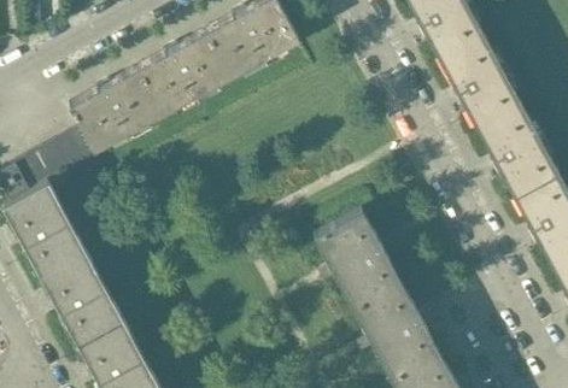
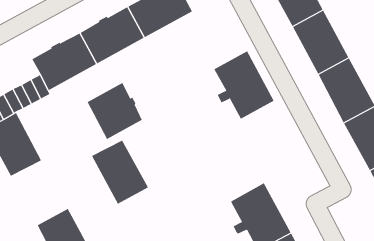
building: none -> [87,82,143,140]
building: [312,208,399,306] -> [213,50,275,119]
building: [39,248,121,340] -> [91,140,149,204]

